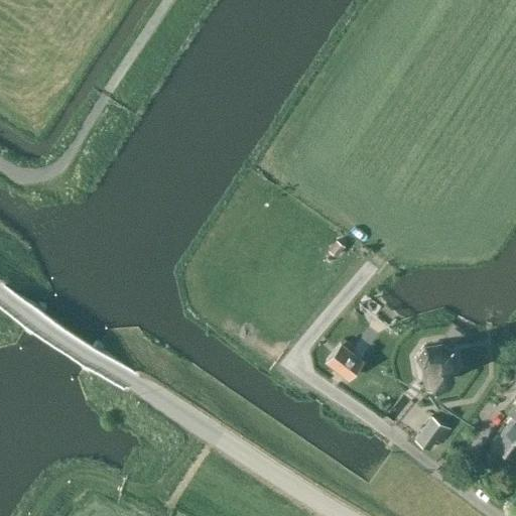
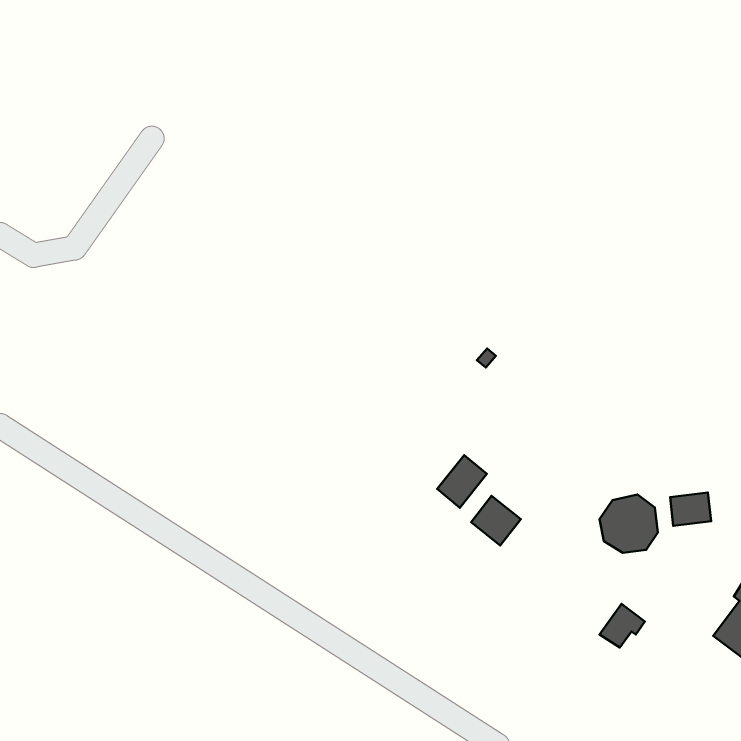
building: none -> [437,455,487,508]
building: none -> [670,492,711,526]

